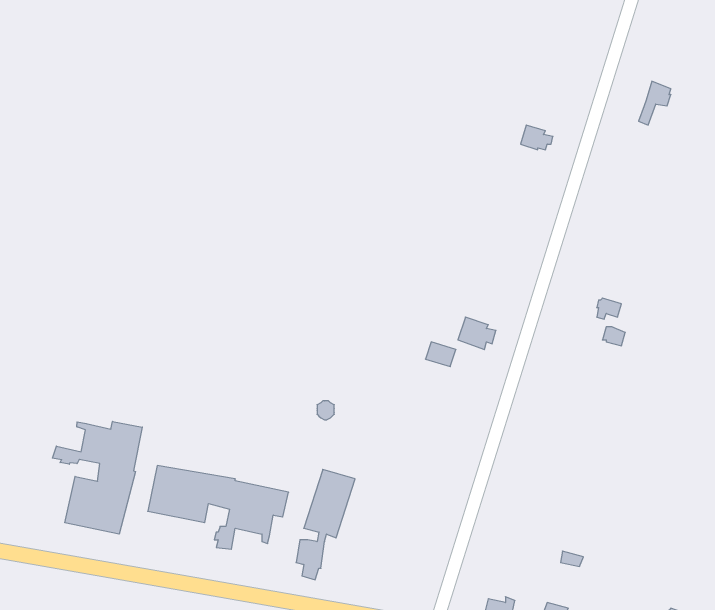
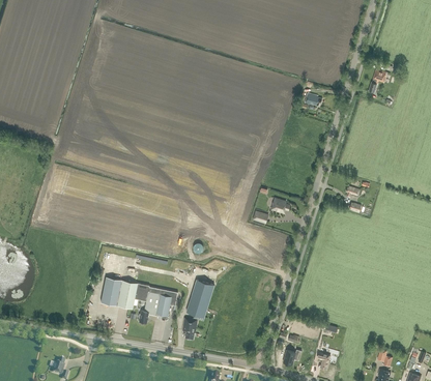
building: [52,421,142,534] -> none

